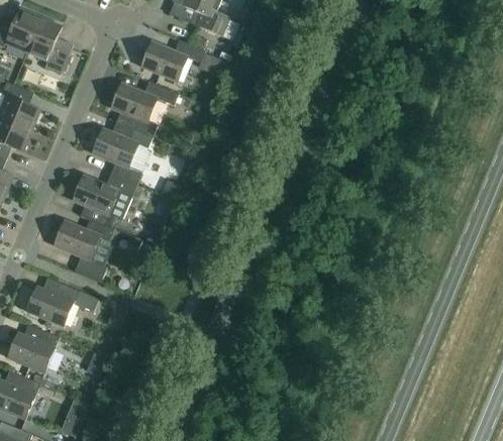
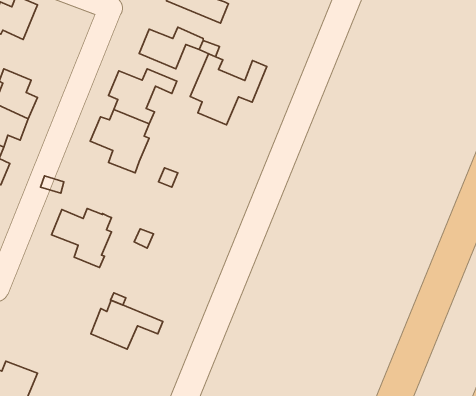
building: [25,17,72,75] -> none
building: none -> [190,54,267,125]
building: [72,174,136,227] -> none
building: [26,278,98,326] -> [91,300,163,349]
building: [7,324,59,372] -> none

